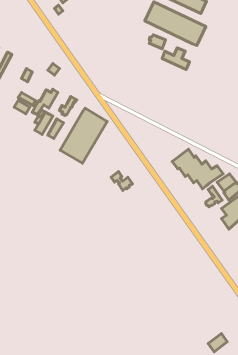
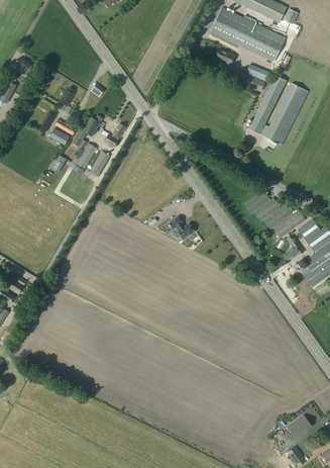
building: none -> [247,75,309,145]
building: [60,108,107,163] -> none

